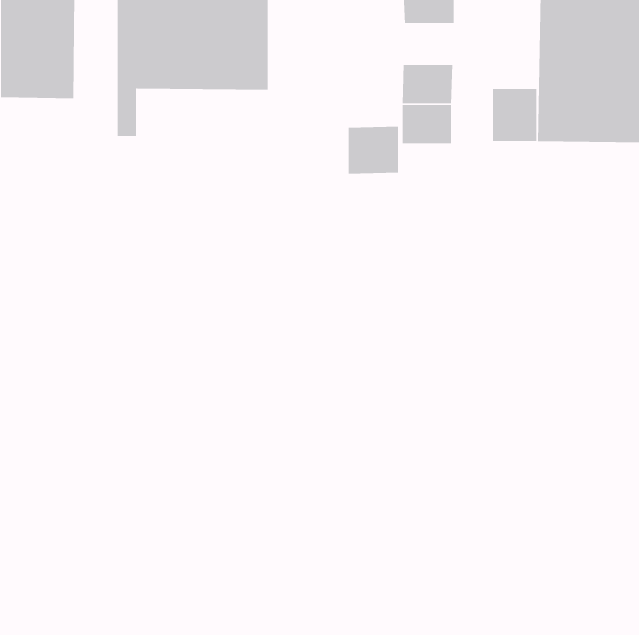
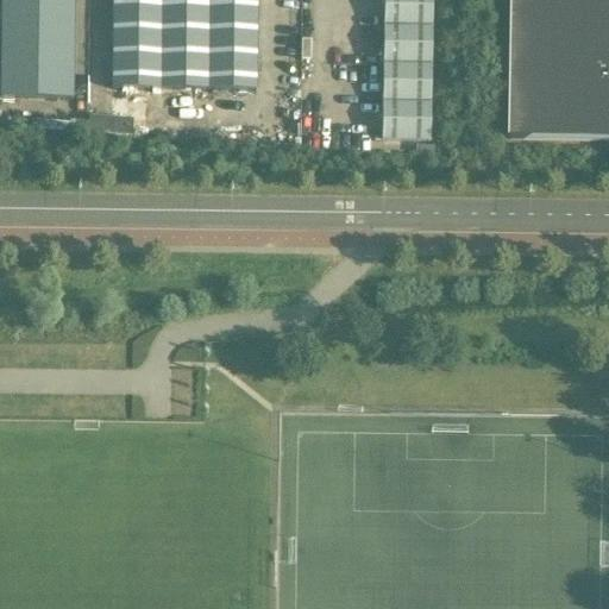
building: none -> [384,23,433,61]
building: [492,88,537,142] -> none
building: [348,126,399,174] -> none

